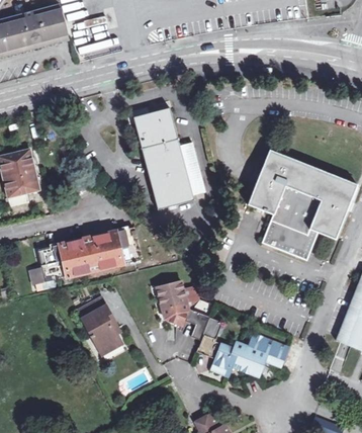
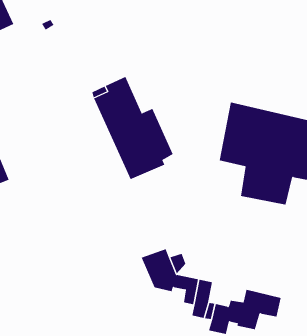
building: [31,227,142,283] -> none
building: [79,294,121,351] -> none

